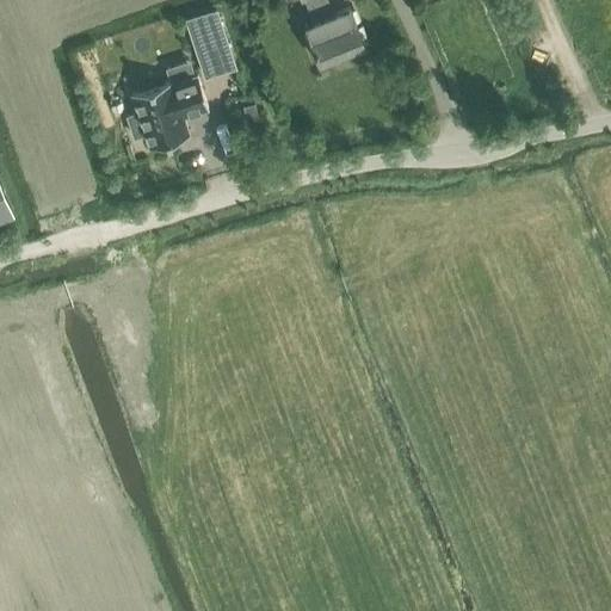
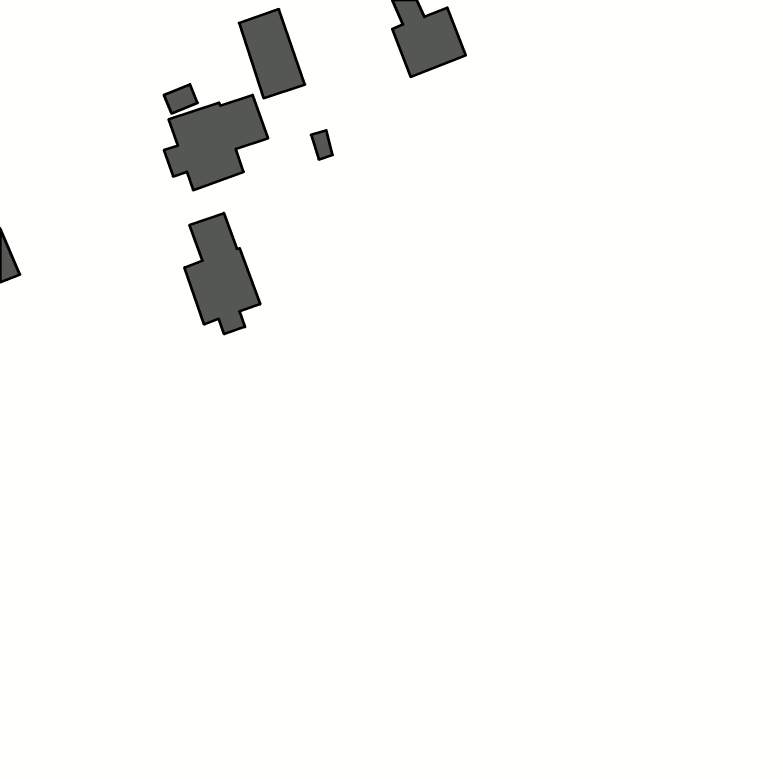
building: none -> [185,213,260,334]

